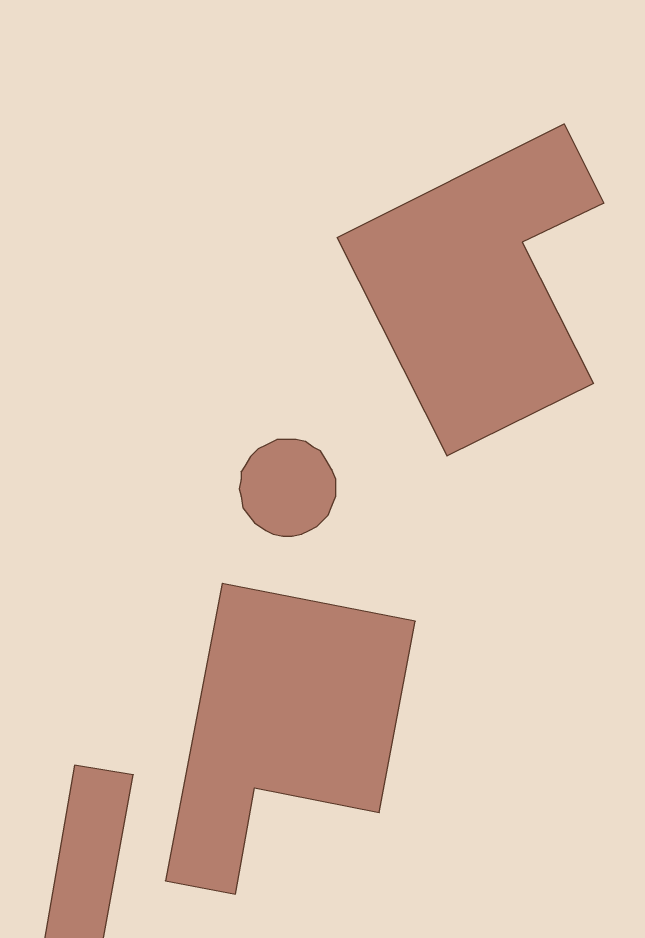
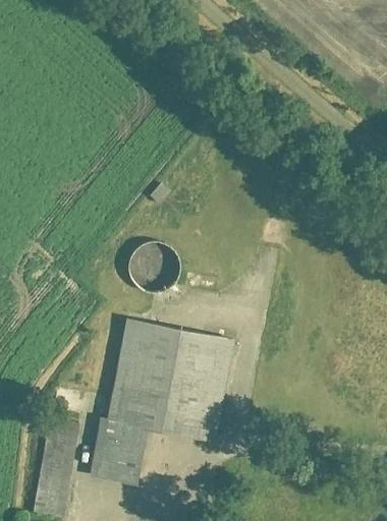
building: [337,124,604,456] -> none

